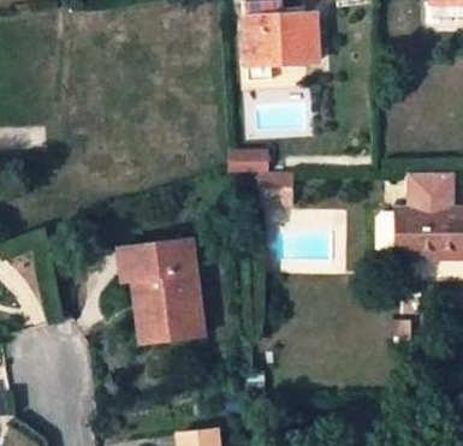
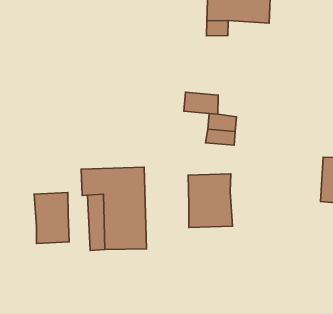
building: none -> [188,174,232,227]
building: none -> [34,193,69,243]

